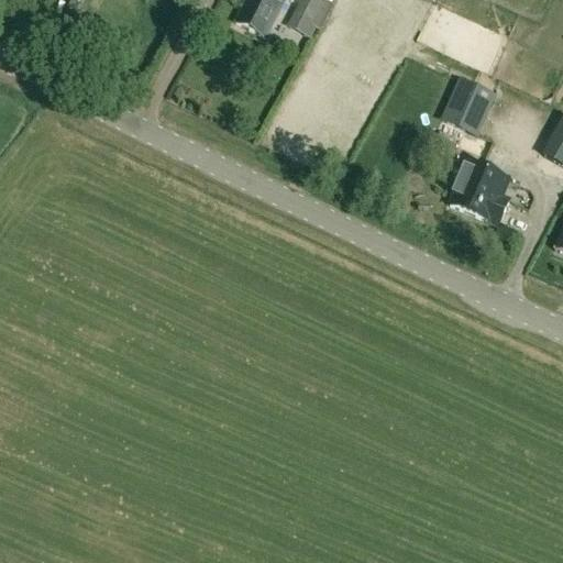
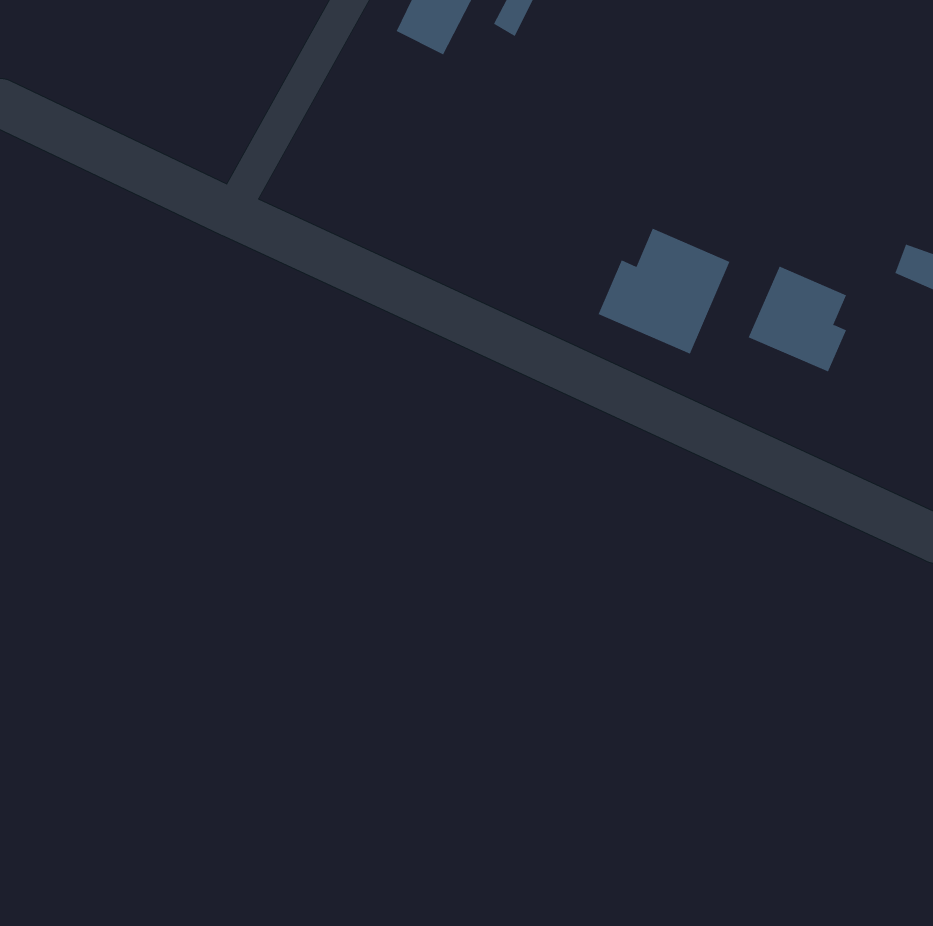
building: [446,78,493,133] -> none
building: none -> [598,228,730,354]

